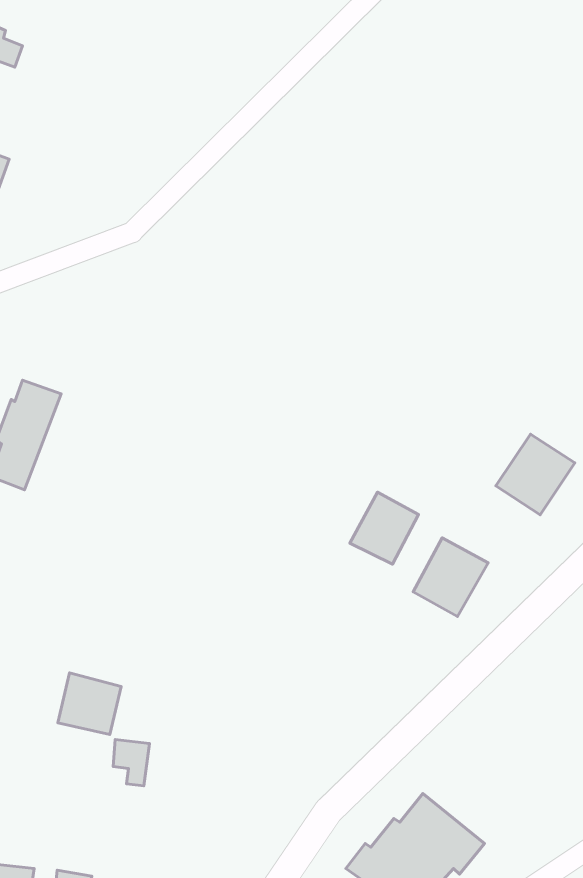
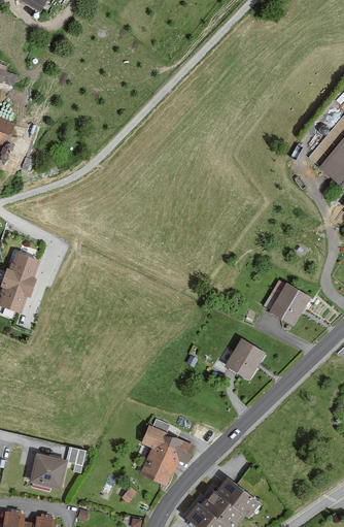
building: [350,492,418,564] -> none
building: [58,673,121,734] -> [30,455,64,488]
building: none -> [140,426,191,484]

